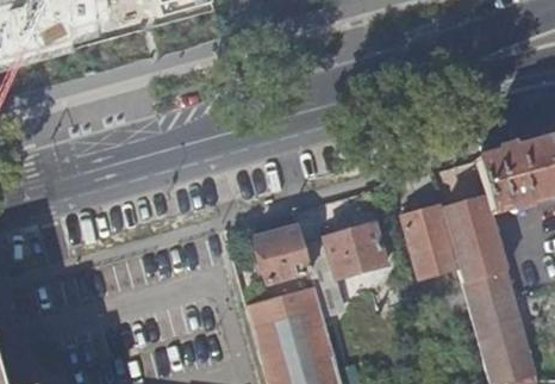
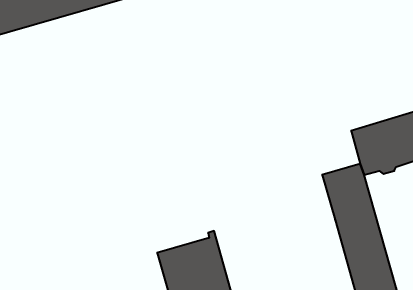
building: [401,202,457,274] -> none
building: [323,219,386,275] -> none
building: [254,223,310,280] -> none

